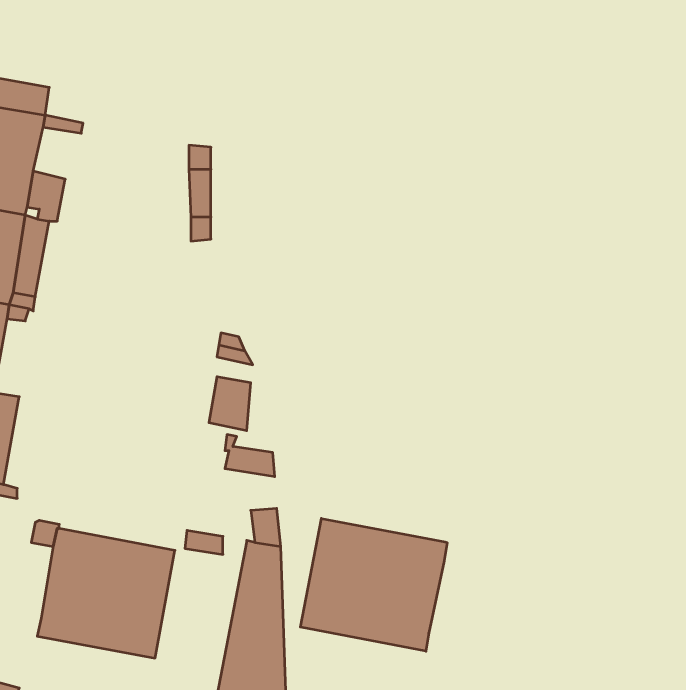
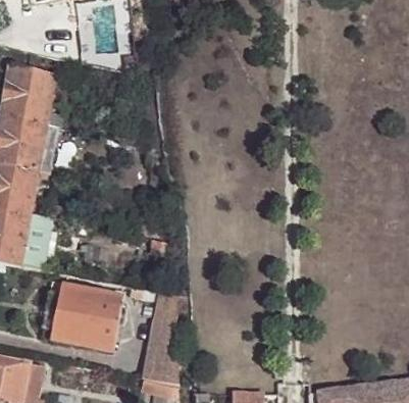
building: [300,518,447,651] -> none

